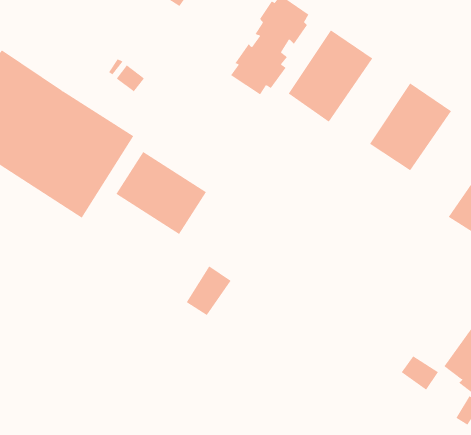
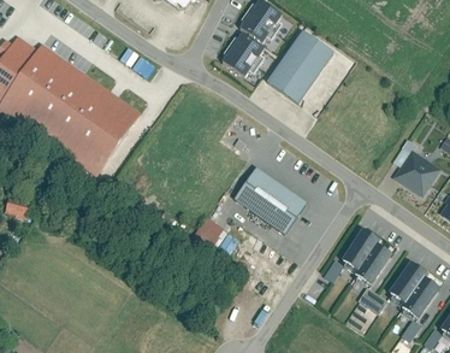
building: [369,83,452,171] -> none
building: [116,151,207,235] -> [235,167,307,234]
building: none -> [342,231,392,287]

